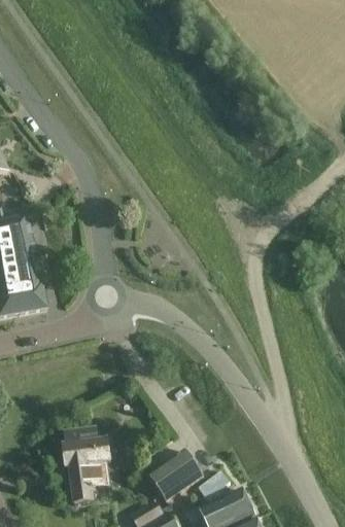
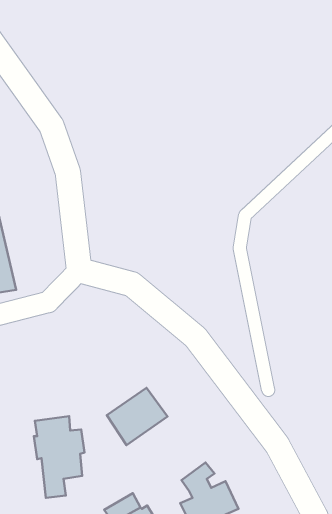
building: [147,449,204,502] -> [107,388,167,445]

